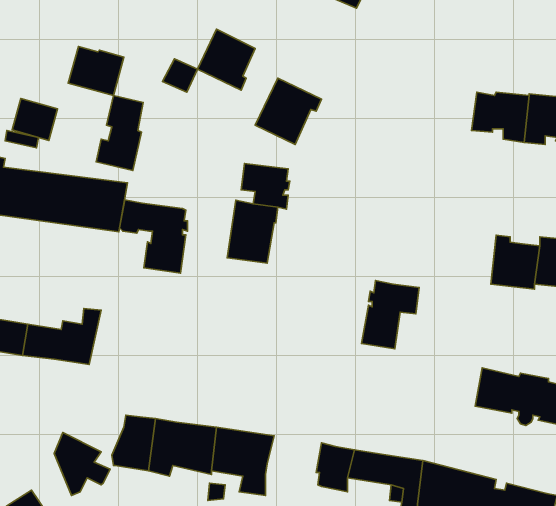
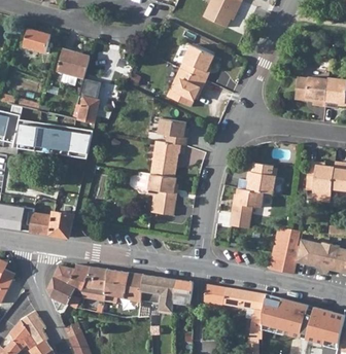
building: [197,29,255,90] -> [179,44,213,80]
building: [12,99,58,140] -> [23,28,49,52]
building: [119,200,188,273] -> [136,172,176,215]
building: none -> [247,164,276,193]
building: none -> [268,227,302,274]
building: none -> [53,264,90,290]
building: none -> [172,279,193,305]

